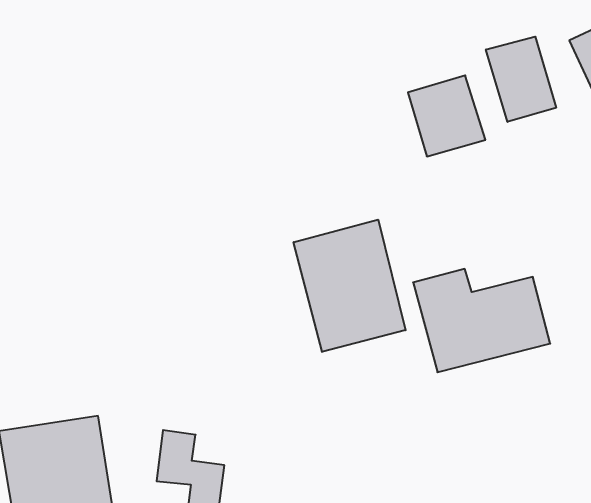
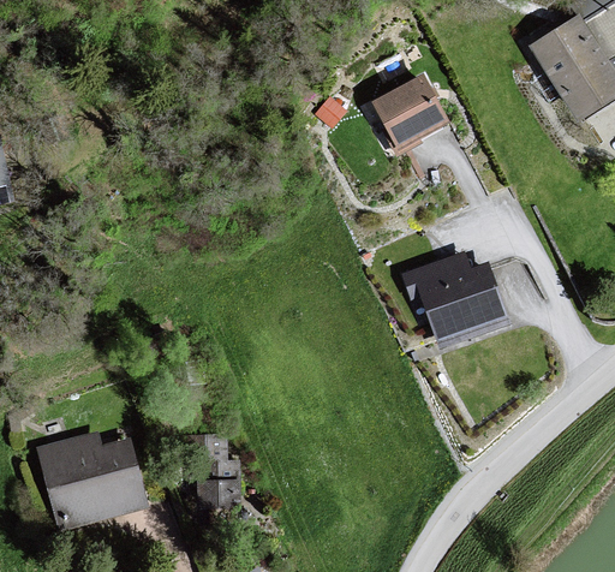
building: [486,37,556,122] -> none
building: [294,220,406,352] -> none

